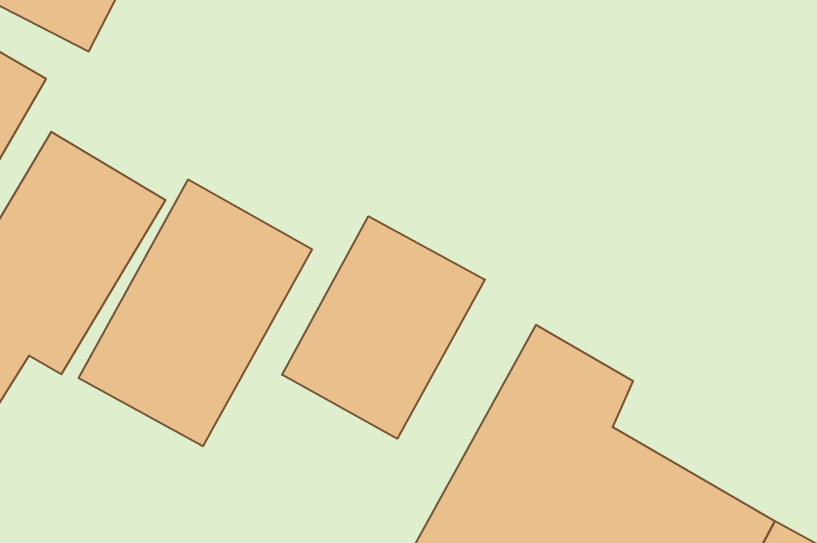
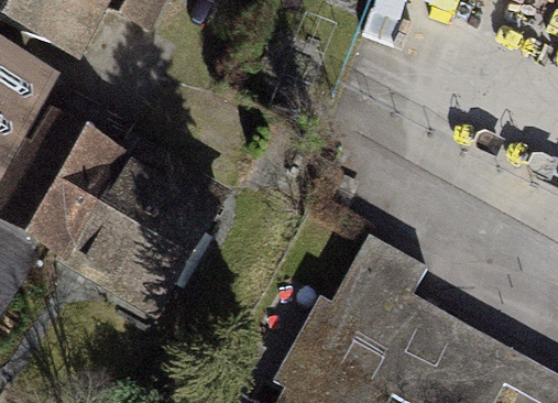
building: [282,216,485,439] -> none

